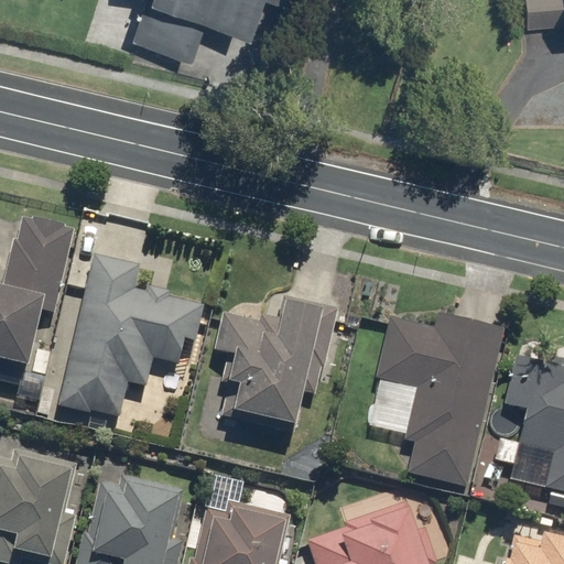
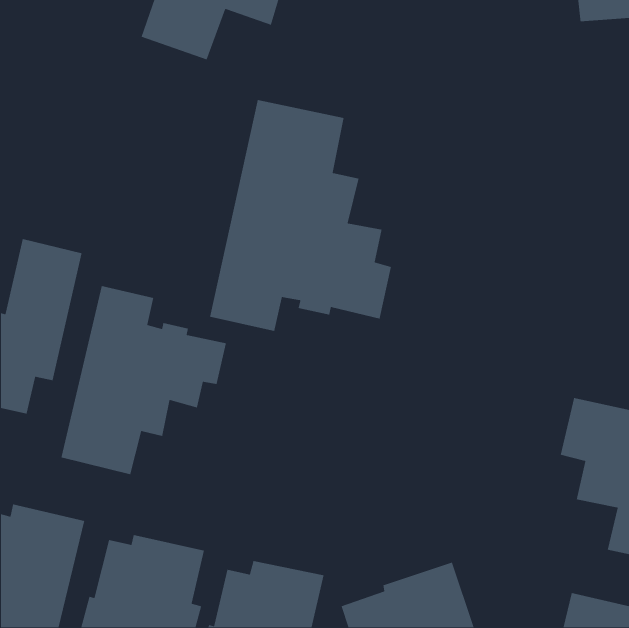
building: none -> [209,99,392,332]
building: [212,296,338,438] -> none
building: [370,314,505,490] -> none

